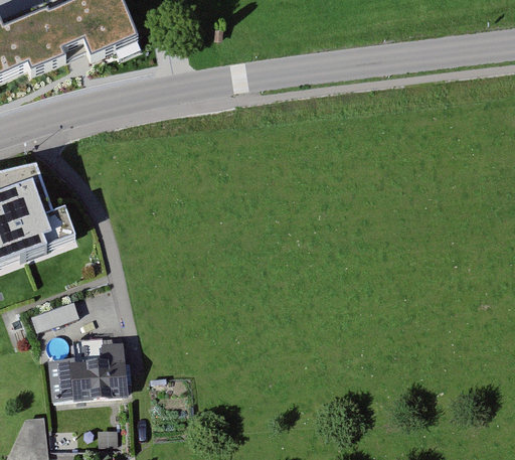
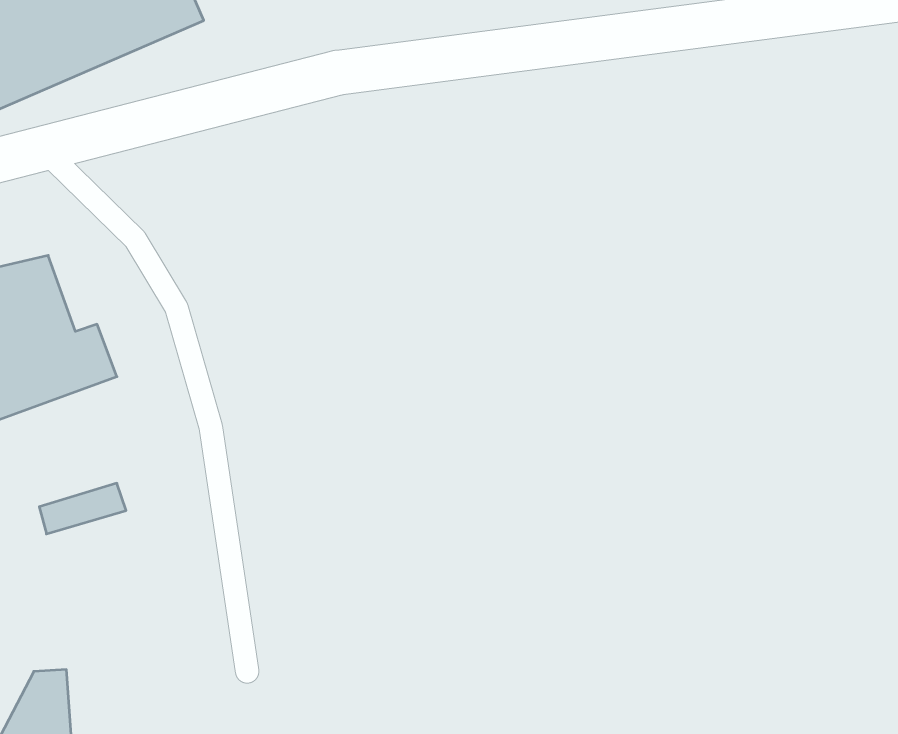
building: [53,335,127,395] -> none

